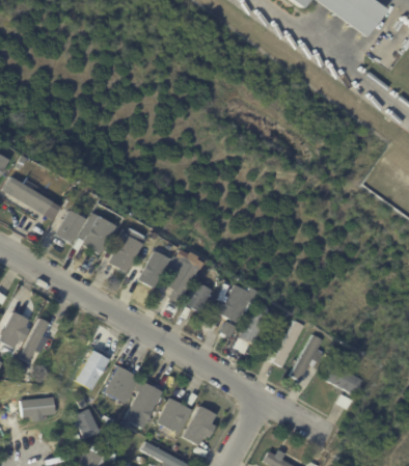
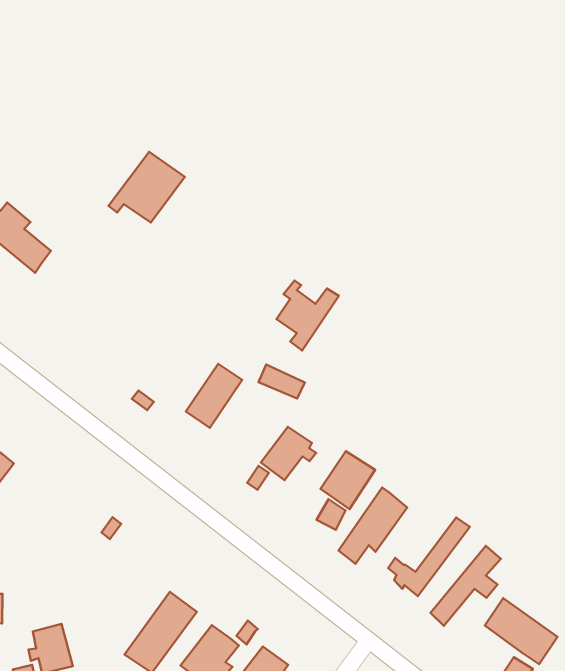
building: [58,211,87,244] -> none
building: [78,215,118,254] -> [109,152,185,223]
building: [111,232,144,274] -> none
building: [166,263,199,301] -> [276,281,339,350]
building: [73,351,106,391] -> none
building: [103,366,133,401] -> none

